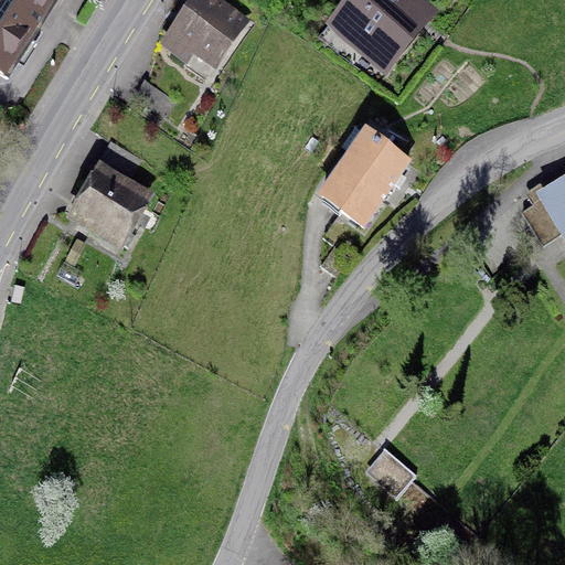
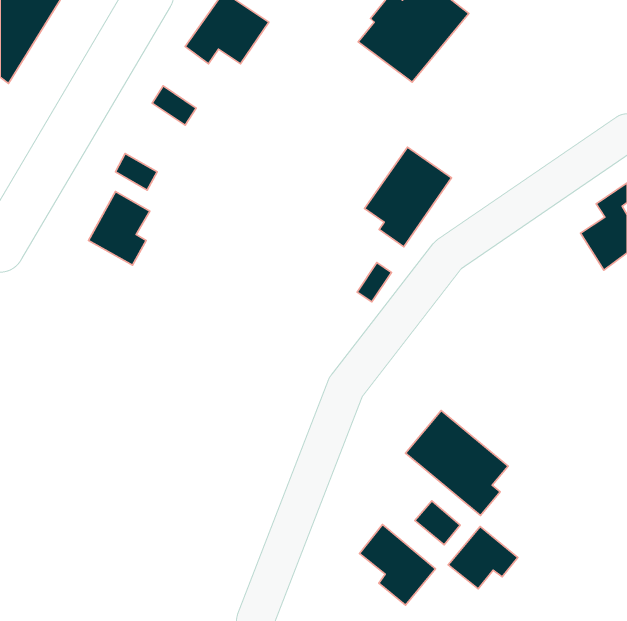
building: none -> [405,411,508,516]
building: none -> [359,525,435,605]
building: none -> [448,526,518,589]

